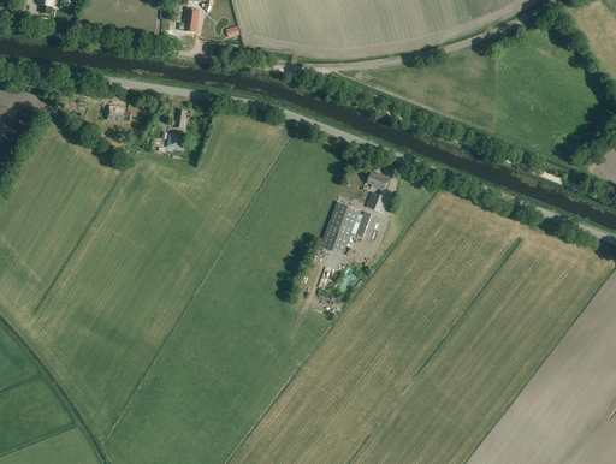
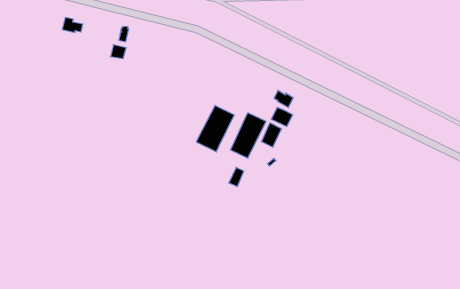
building: none -> [196,105,234,152]

